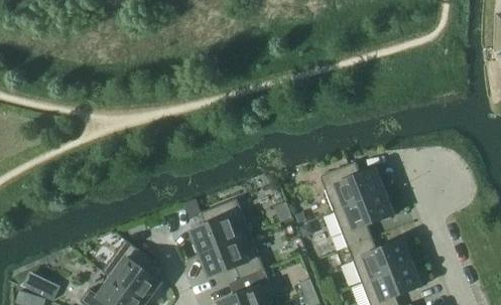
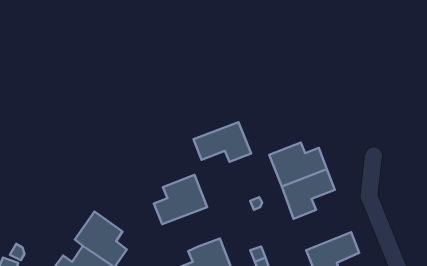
building: [199,235,263,279] -> [193,122,251,162]
building: [346,238,410,283] -> none

